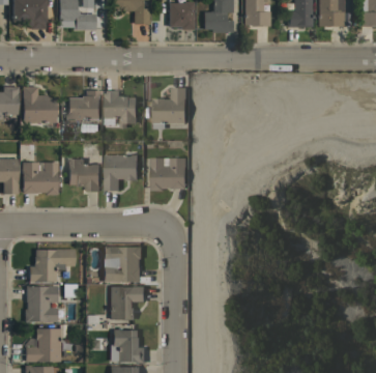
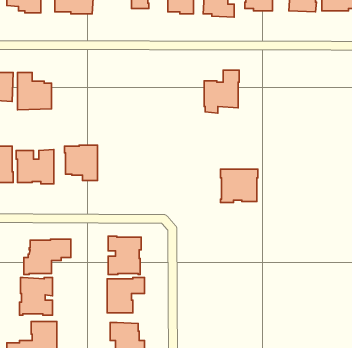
building: [153,87,187,128] -> [204,70,239,113]
building: [68,89,102,119] -> none
building: [106,90,138,127] -> none
building: [105,154,139,190] -> none
building: [151,157,187,190] -> [221,169,258,202]

